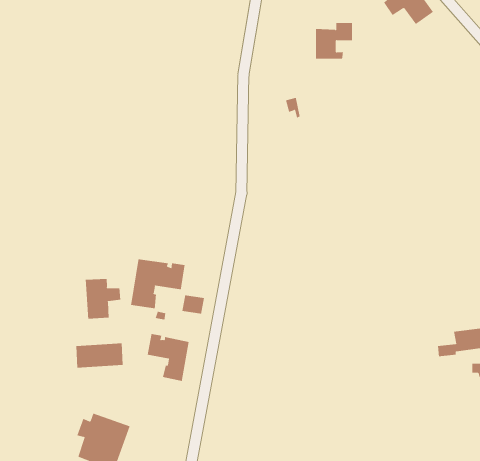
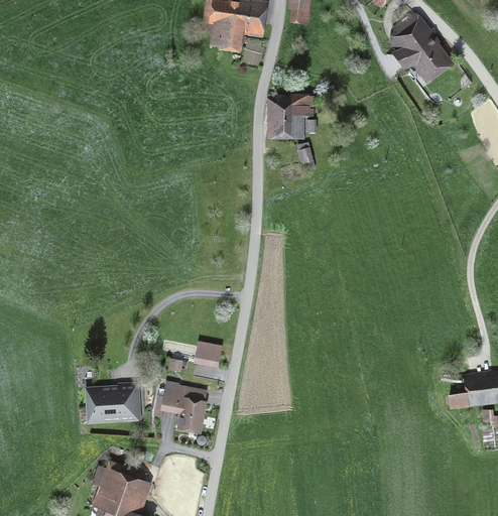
building: [315,22,353,59] -> [273,97,310,133]
building: [130,258,185,309] -> none
building: [85,278,121,320] -> none

